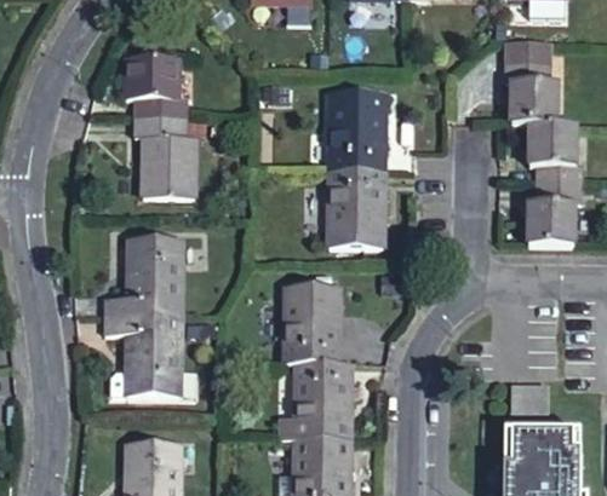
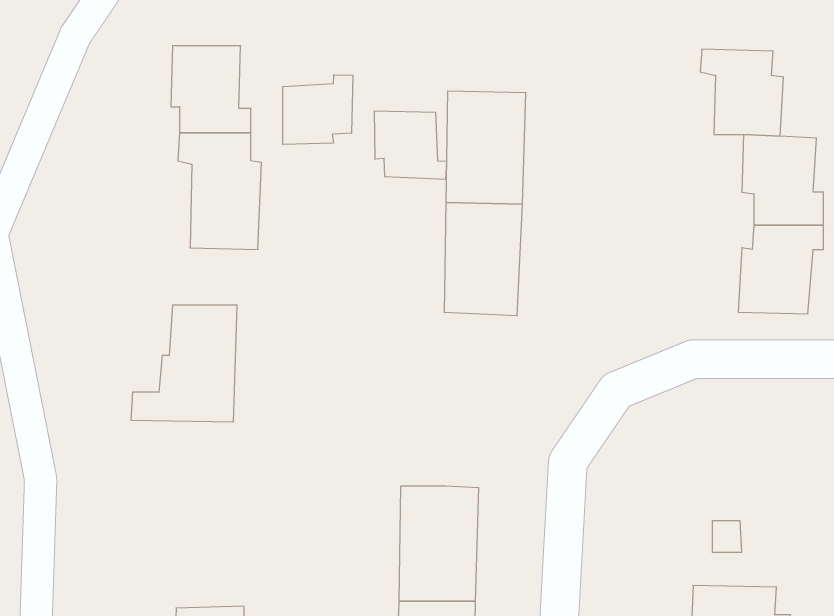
building: none -> [283,75,353,145]
building: none -> [374,111,447,179]
building: [274,287,328,362] -> none
building: [107,316,178,394] -> none

